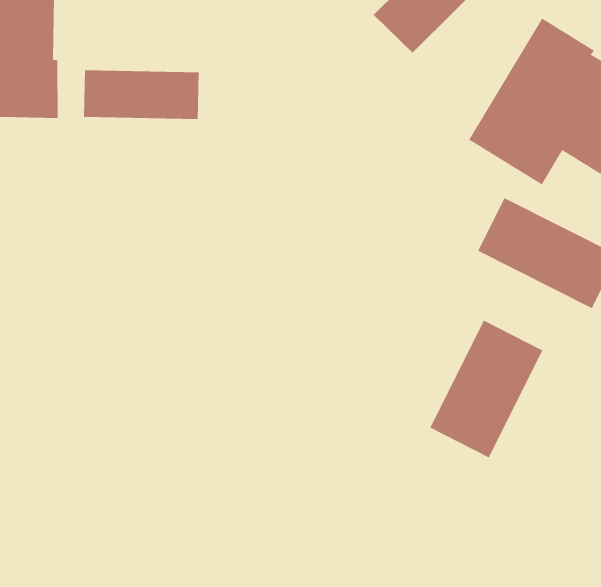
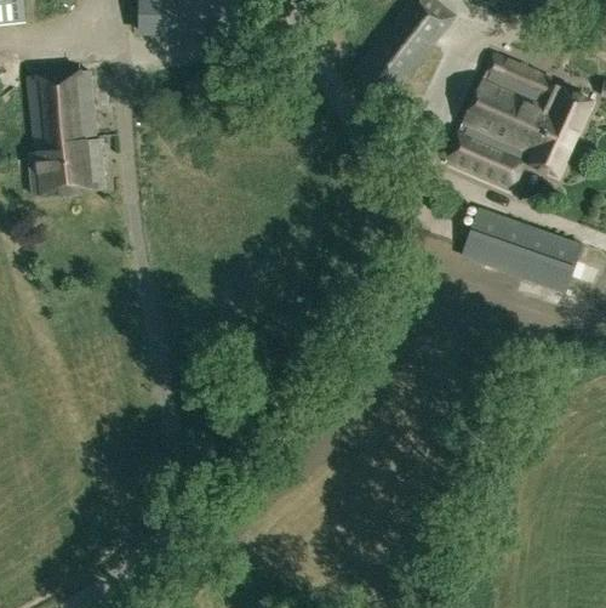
building: [83,70,200,120] -> none
building: [429,320,544,458] -> none

